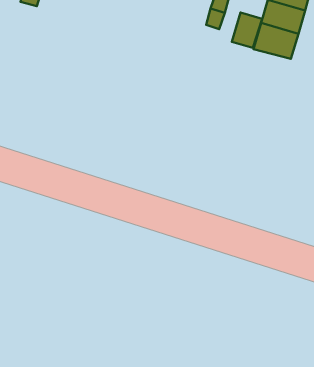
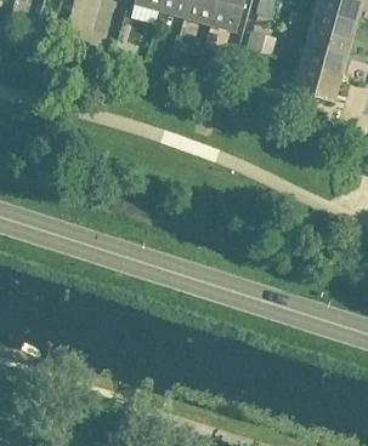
building: [232,12,262,48] -> none

